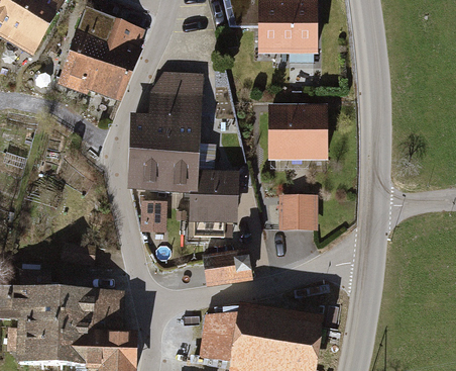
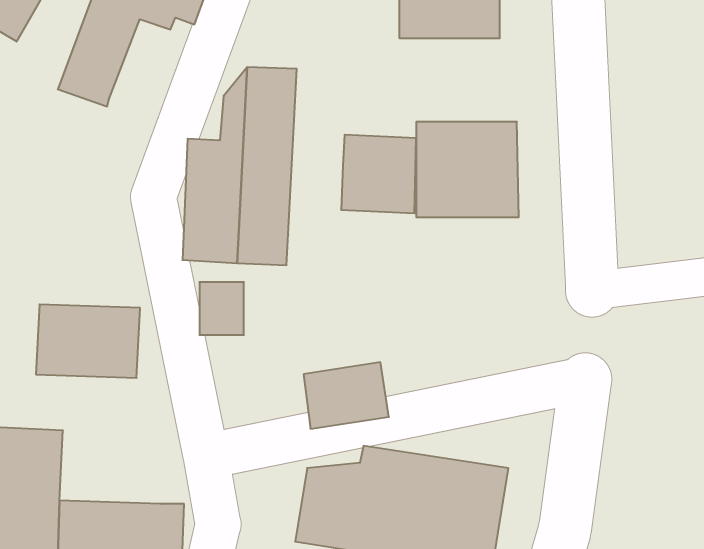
building: [87,42,142,104] -> none
building: [191,171,235,217] -> [341,135,416,213]
building: [278,193,317,228] -> none
building: [58,287,119,331] -> [36,304,140,378]

